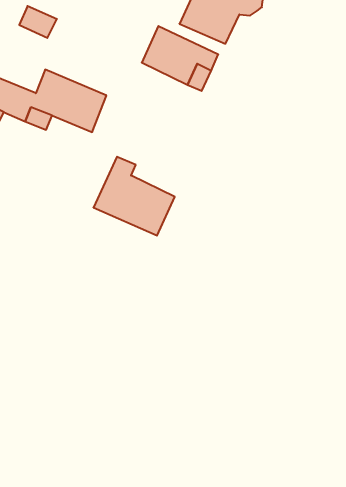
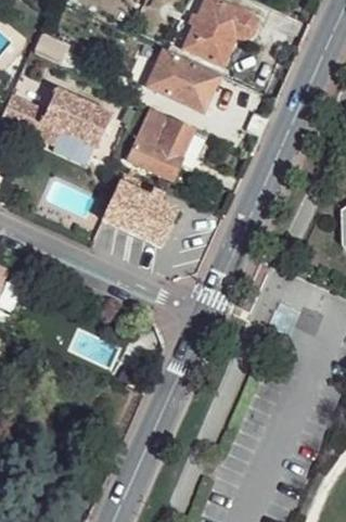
building: none -> [129,112,192,178]

